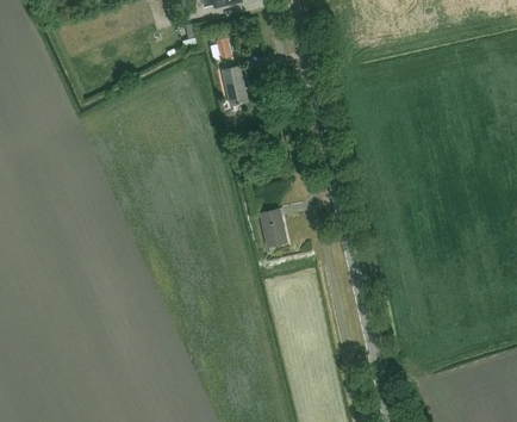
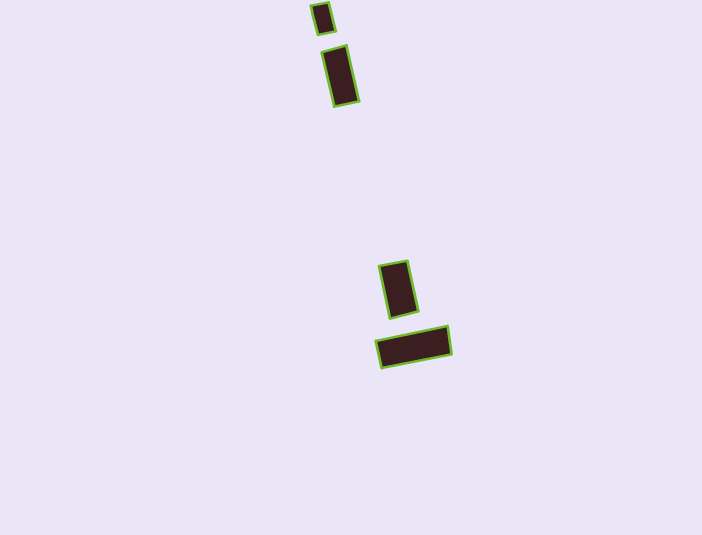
building: none -> [376,326,451,368]

